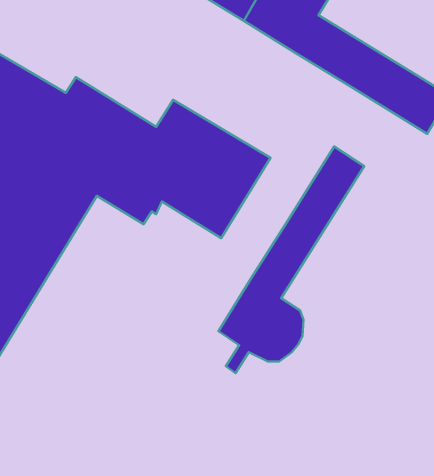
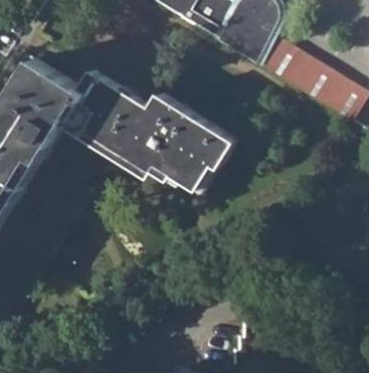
building: [218,146,364,373] -> none

